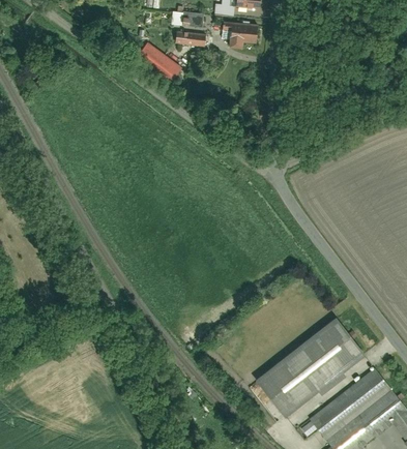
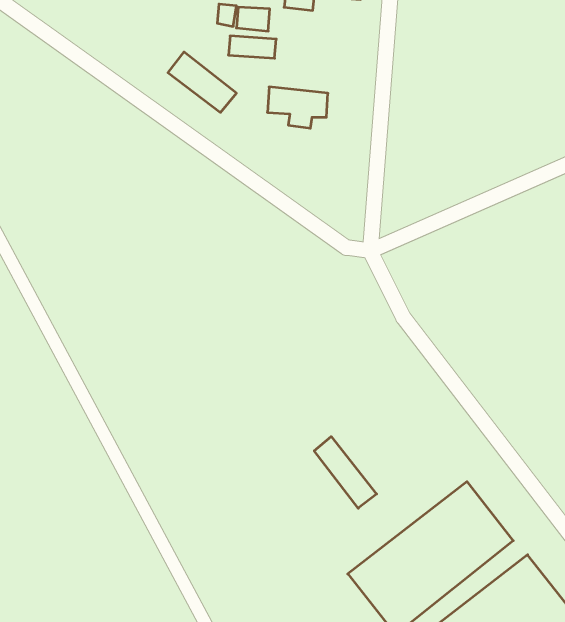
building: [222,22,261,49] -> [267,87,328,128]
building: none -> [314,437,377,508]

